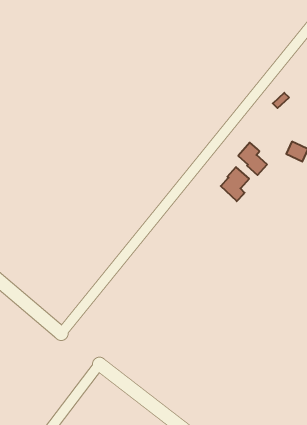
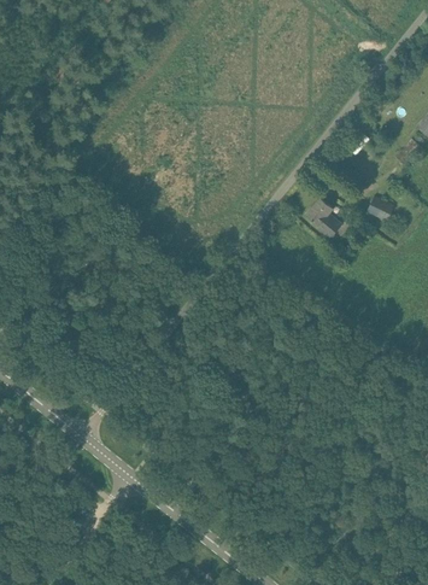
building: [221,167,249,201] -> none

